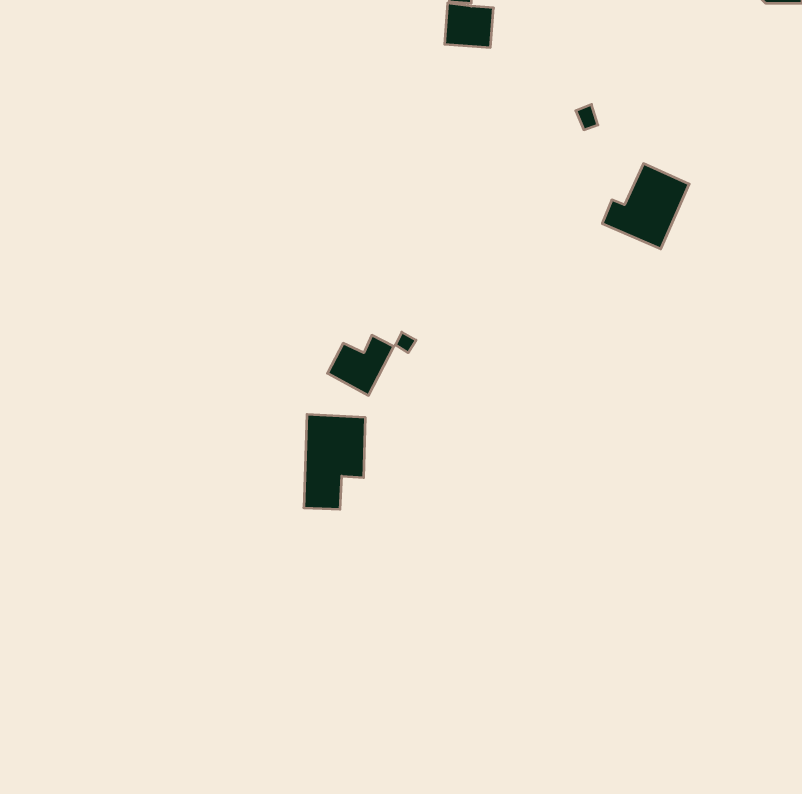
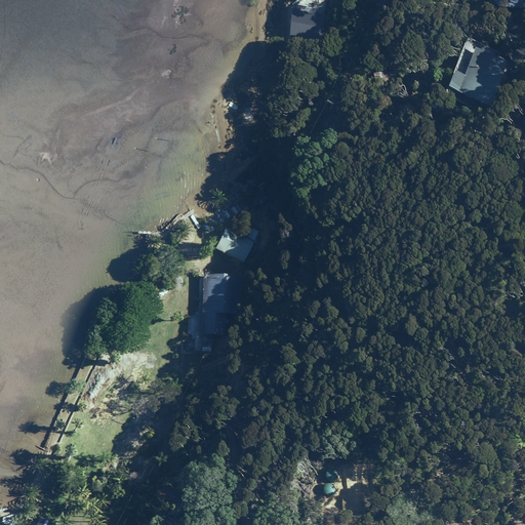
building: [602,164,689,249] -> [450,47,507,103]

